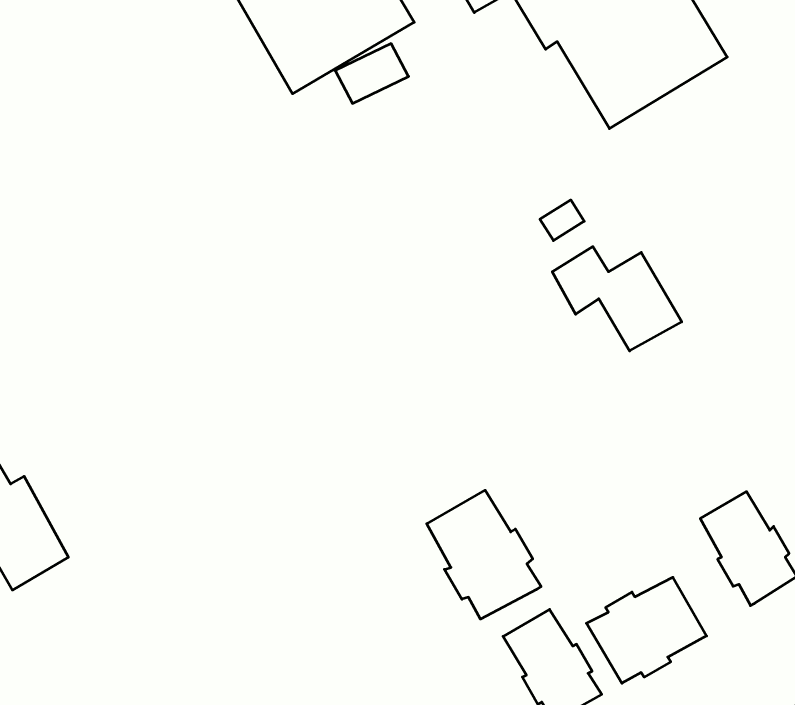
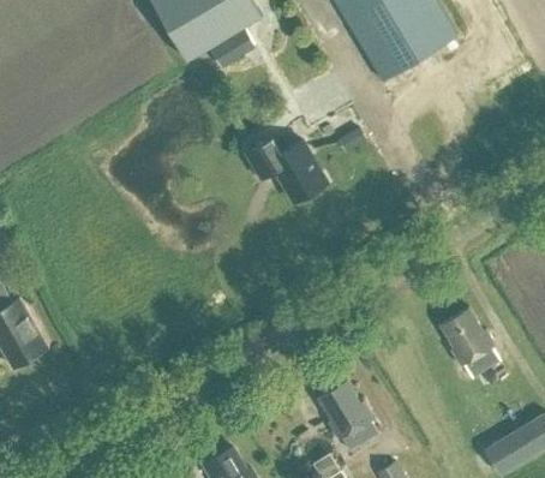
building: [552,247,682,351] -> [244,138,324,203]
building: [427,490,541,619] -> none
building: [586,577,707,683] -> none

